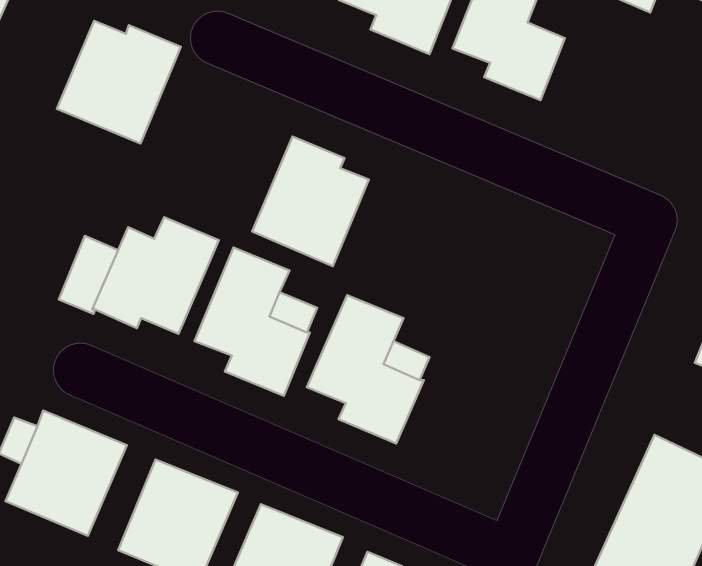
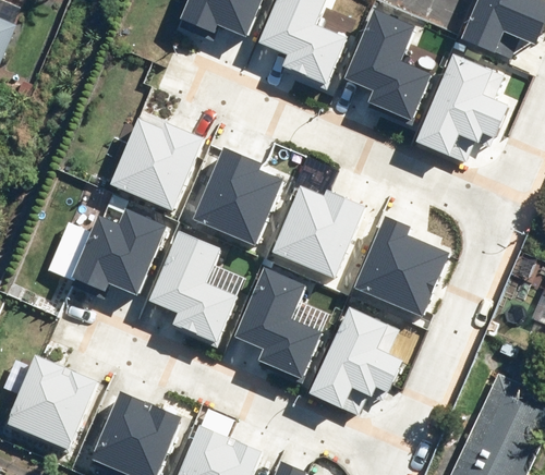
building: none -> [415,54,507,157]
building: [57,21,181,144] -> [110,119,204,211]
building: none -> [271,186,364,279]
building: none -> [353,215,449,317]
building: none -> [308,306,402,409]

